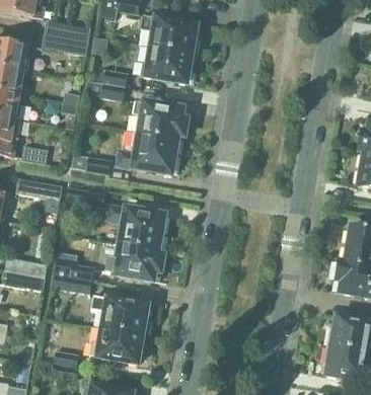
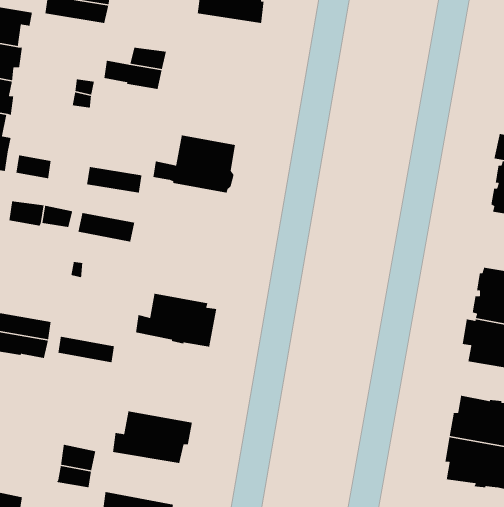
building: [139,47,195,82] -> none
building: [132,100,186,139] -> none
building: [107,207,165,250] -> none
building: [53,251,93,281] -> none
building: [90,295,148,334] -> none

